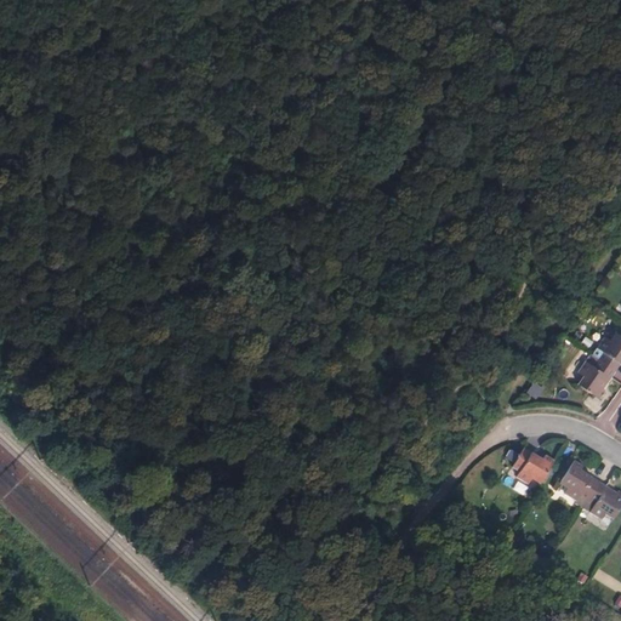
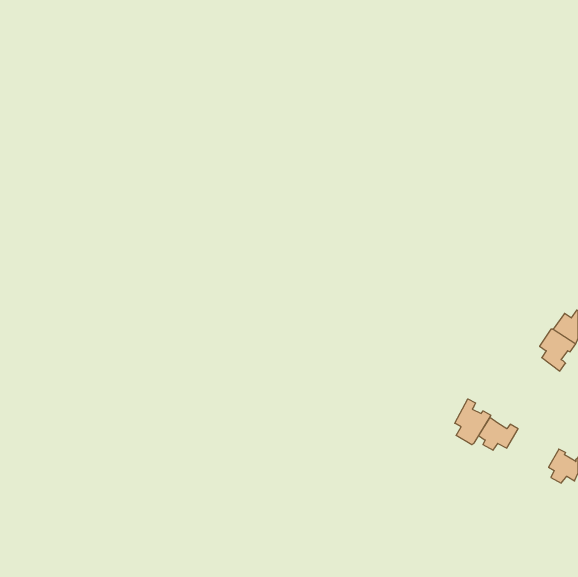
building: none -> [455,399,491,445]
building: [562,460,599,501] -> none

